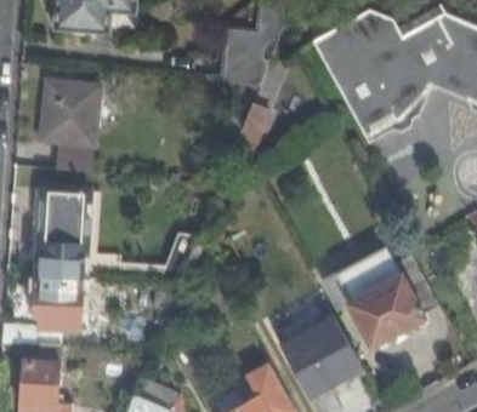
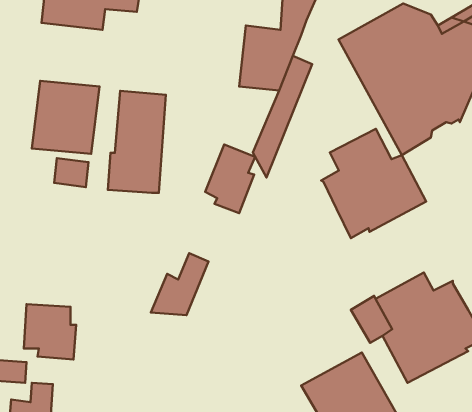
building: none -> [321,129,426,238]
building: none -> [205,145,255,213]
building: [36,189,87,279] -> [108,91,166,193]

